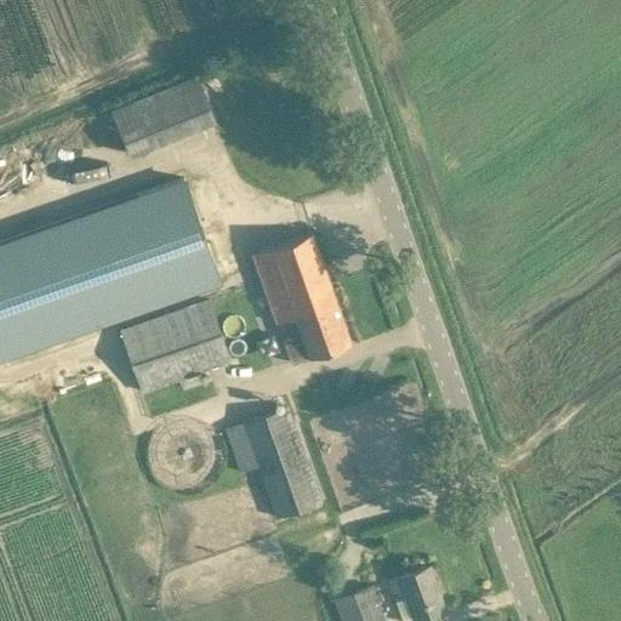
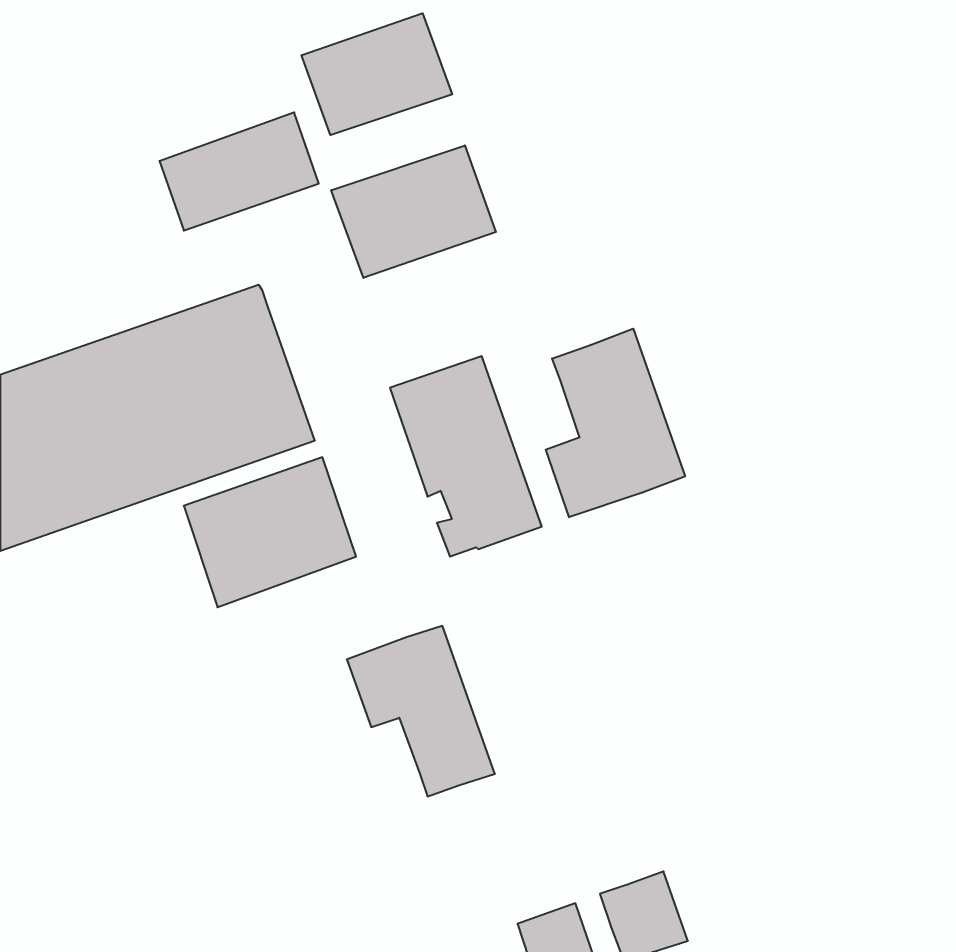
building: none -> [302,13,452,135]
building: none -> [331,145,496,278]
building: none -> [546,329,685,517]

